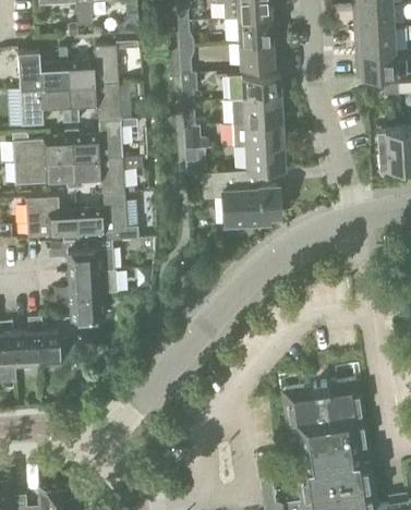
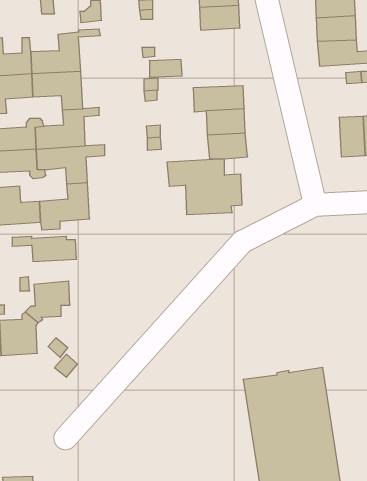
building: [239,41,279,69] -> none
building: [230,75,281,101] -> none
building: [71,272,118,298] -> none

